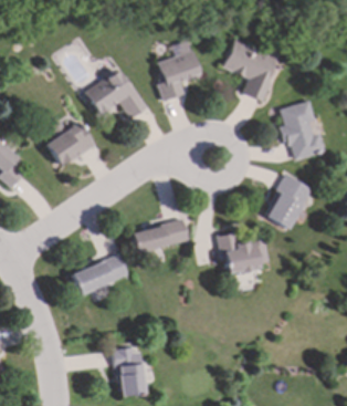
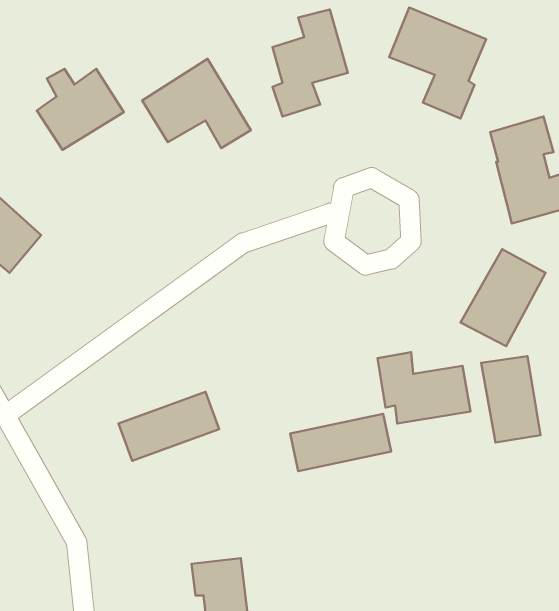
building: [46,121,95,166] -> [37,69,124,150]
building: [132,220,188,252] -> [290,414,391,471]
building: none -> [481,356,540,443]

